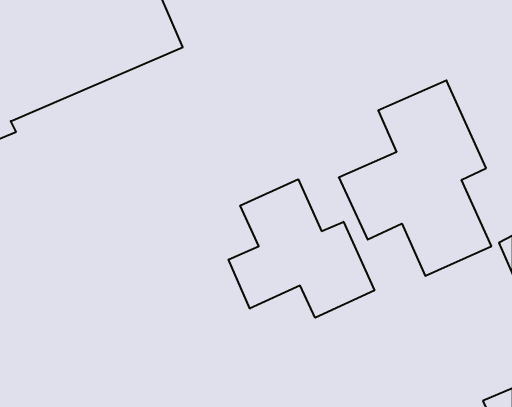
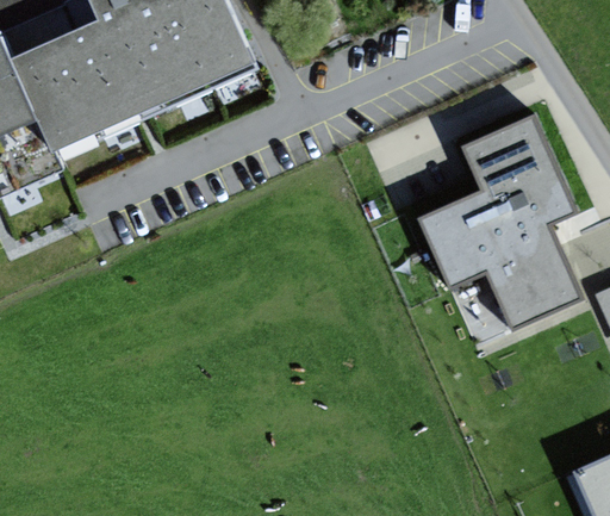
building: [229,179,374,318] -> none

